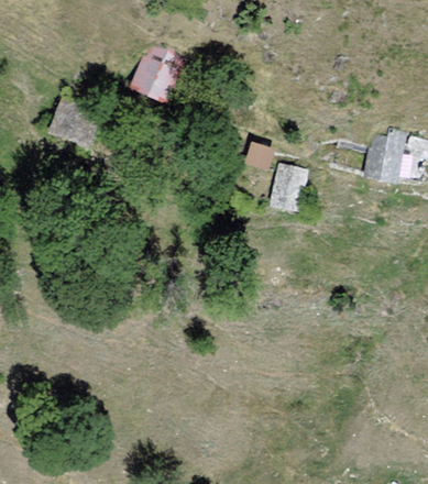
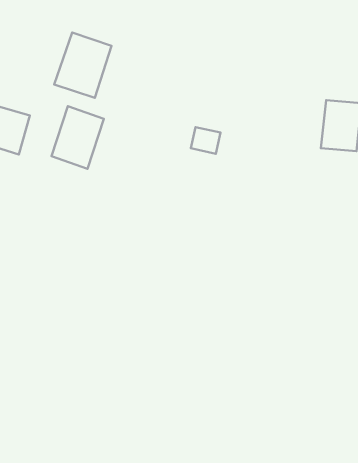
building: none -> [51,106,104,169]
building: [270,163,307,210] -> none

